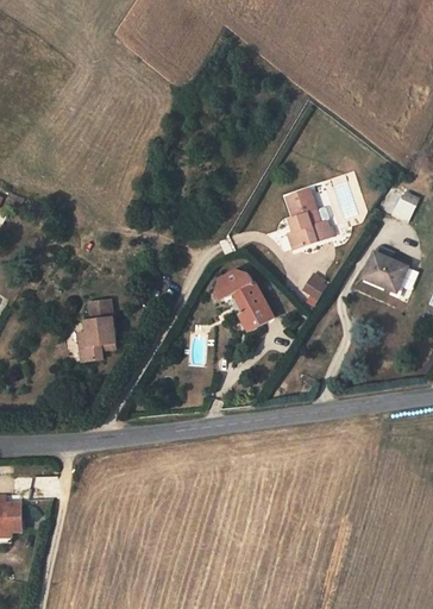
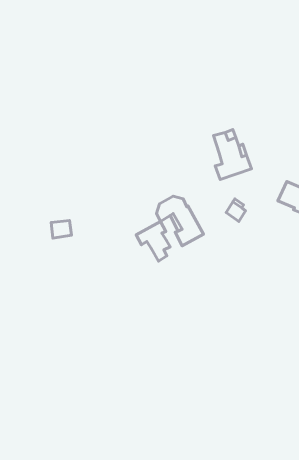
building: none -> [136,221,170,261]
building: [79,316,114,360] -> none

